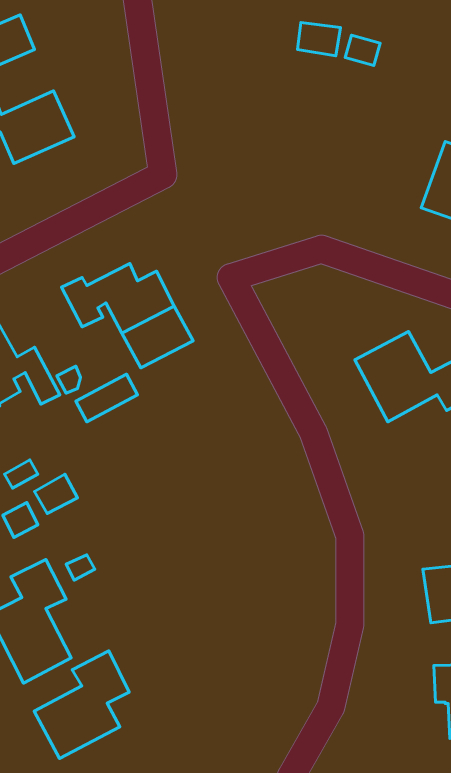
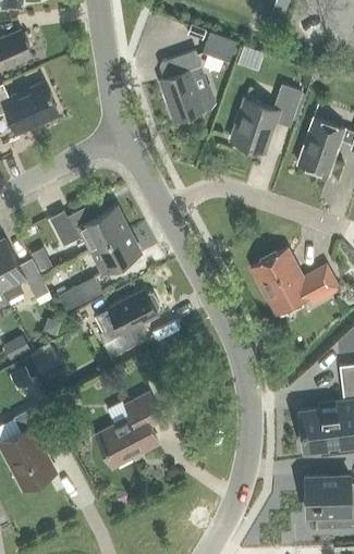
building: none -> [159,51,215,123]
building: none -> [230,86,301,153]
building: none -> [95,292,159,358]
building: [34,651,129,759] -> [97,393,162,467]

